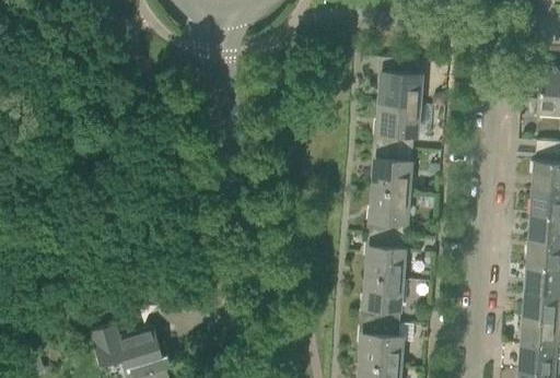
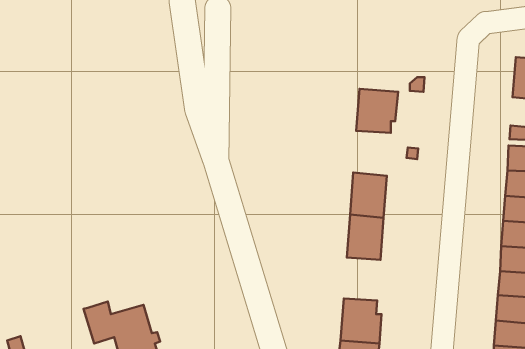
building: [378,61,421,108] -> none
building: [372,149,411,196] -> none
building: [362,281,400,326] -> none

